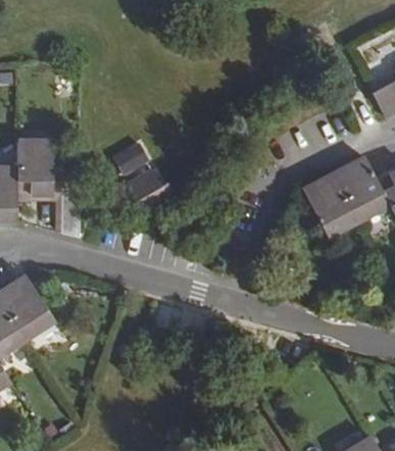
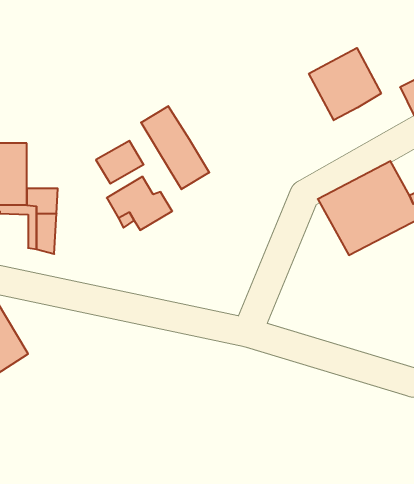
building: none -> [309,48,381,120]
building: none -> [141,106,209,189]

